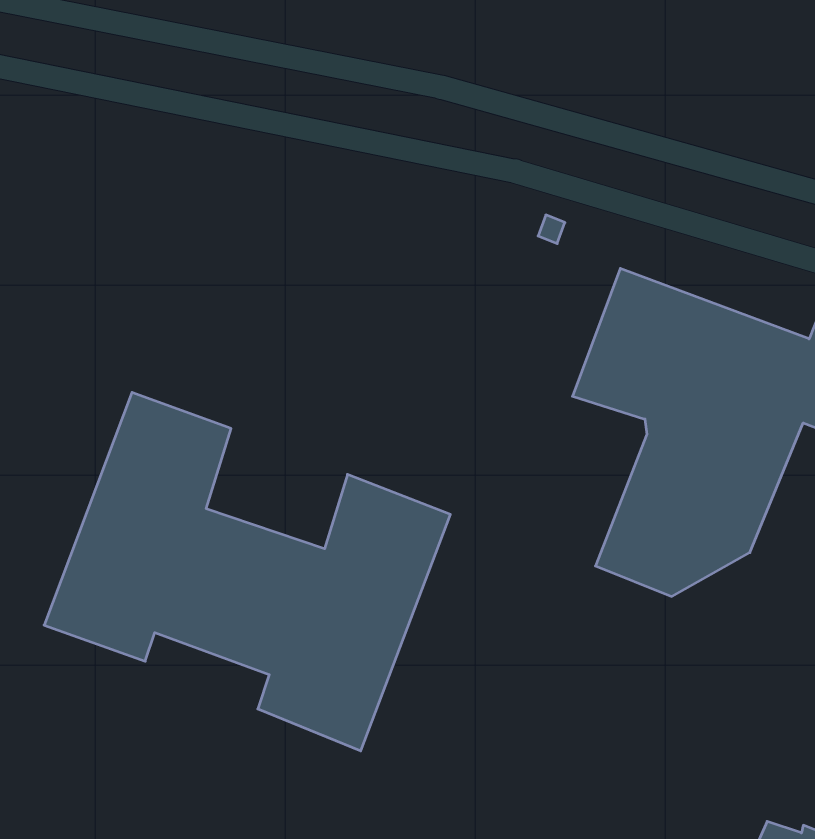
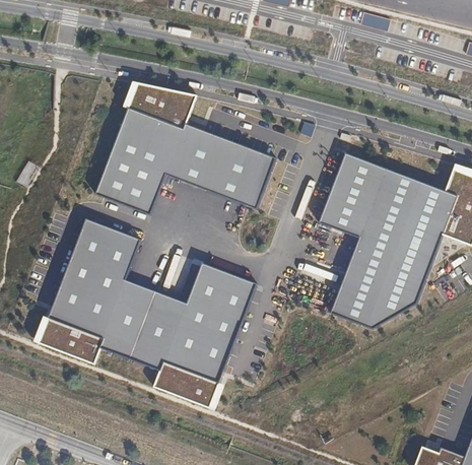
building: none -> [94,85,272,216]

